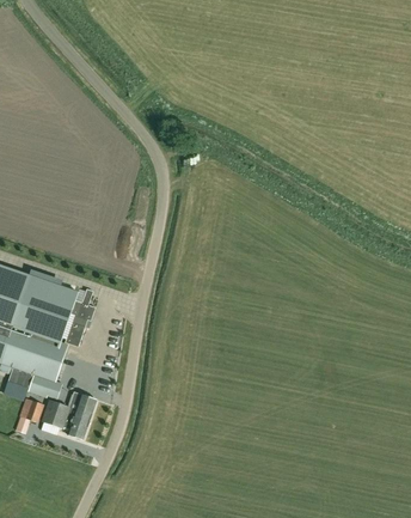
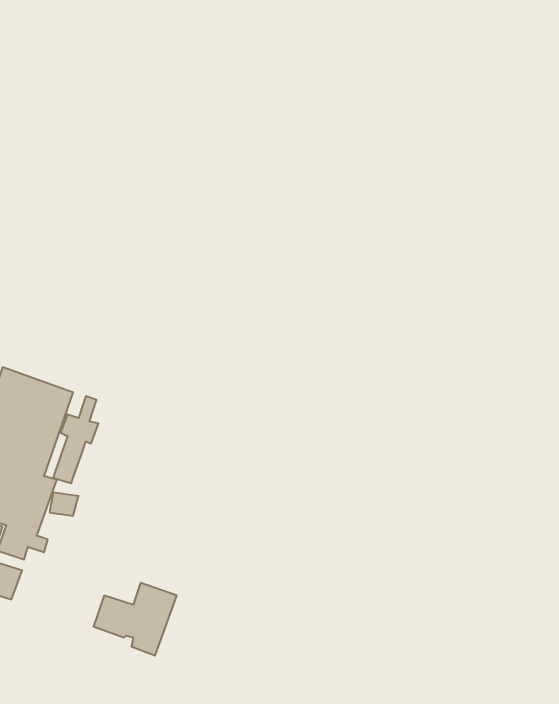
building: [41,390,96,438] -> [93,583,177,656]

